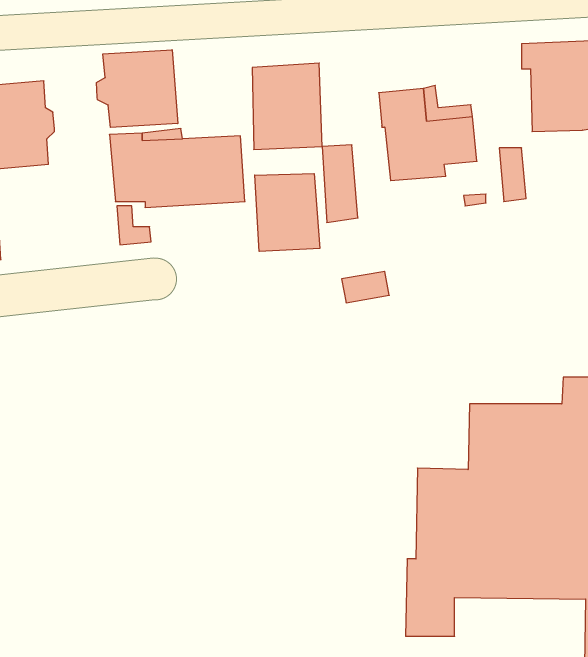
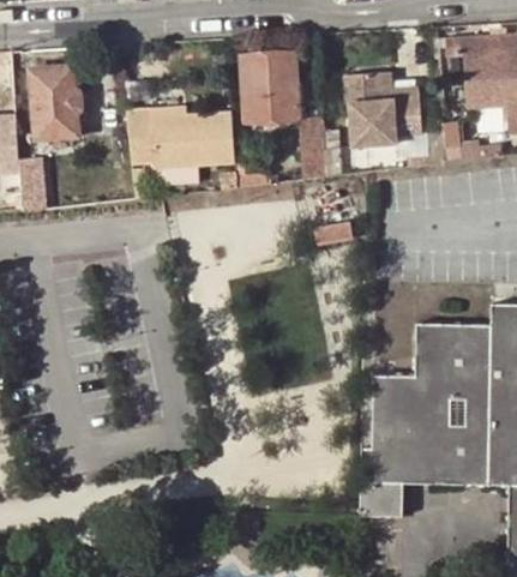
building: [96,50,178,127] -> none
building: [255,174,320,251] -> none

